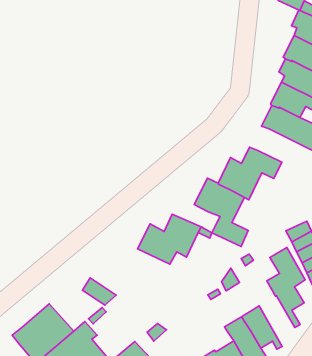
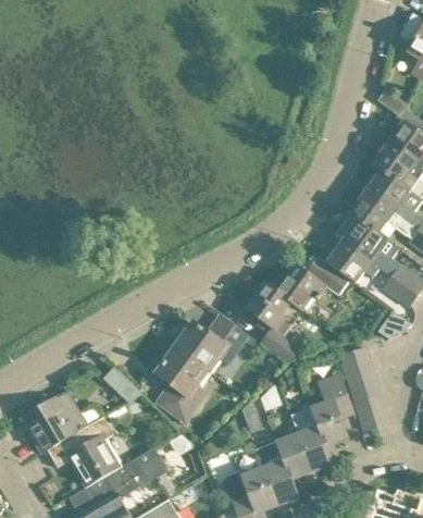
building: none -> [325,239,378,283]
building: none -> [154,346,207,422]
building: none -> [290,406,333,481]

